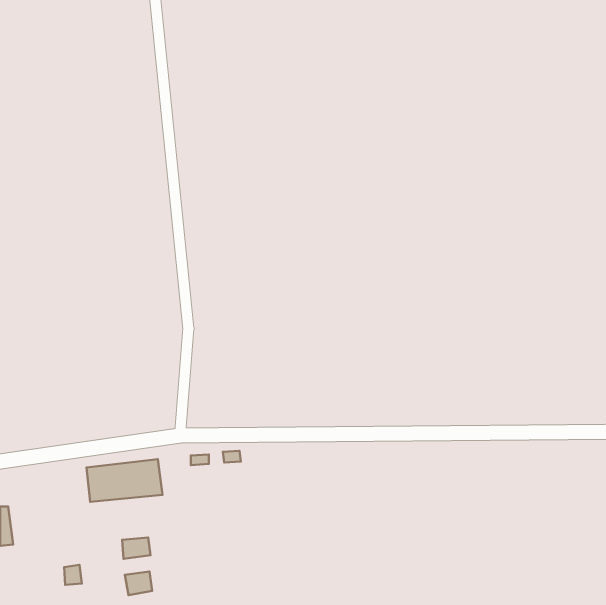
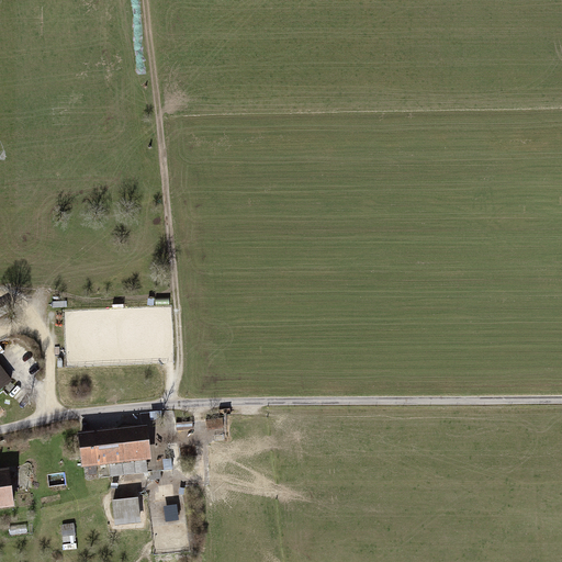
building: [125,572,152,595] -> none

